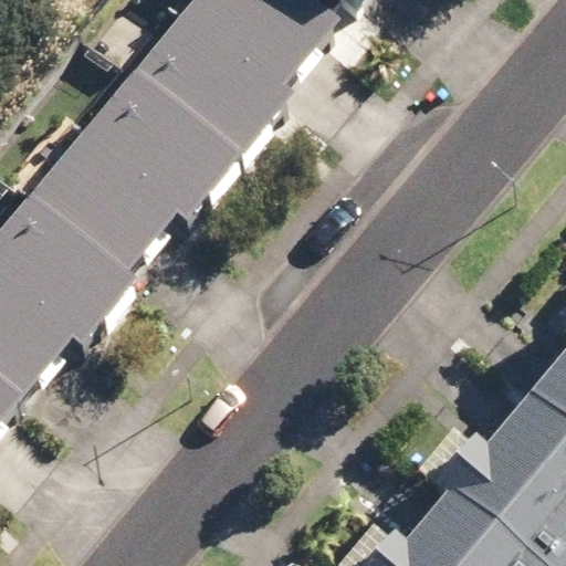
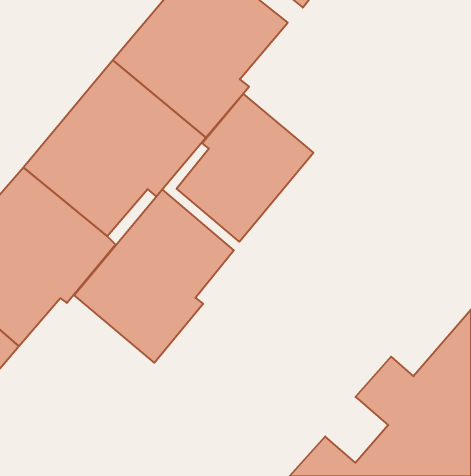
building: none -> [177,94,313,242]
building: none -> [74,189,234,363]

